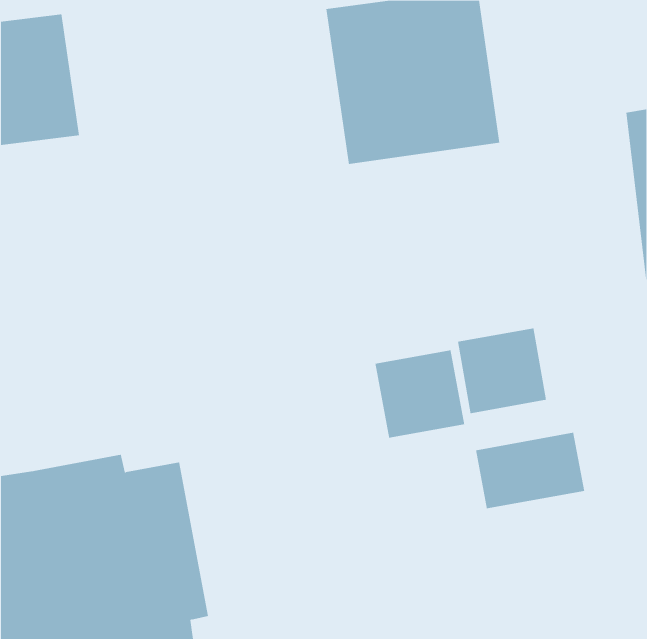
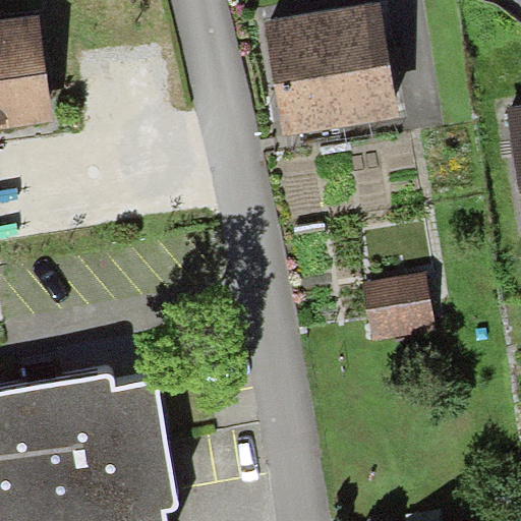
building: [375,349,465,438] -> none
building: [475,432,585,509] -> none

